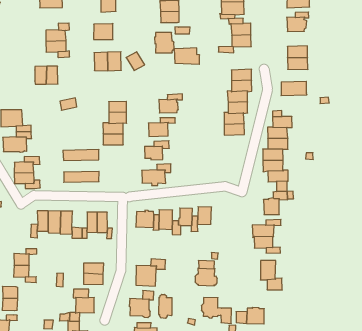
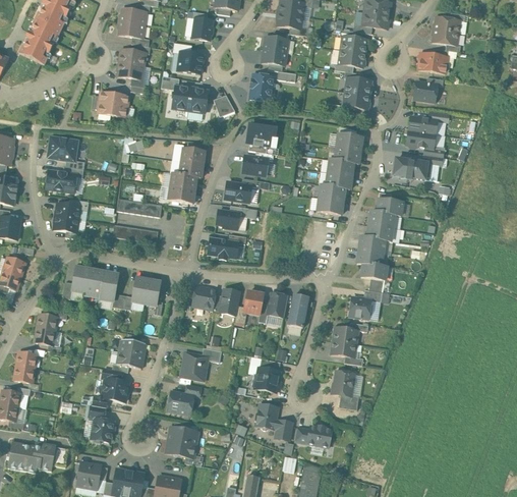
building: none -> [116,20,146,40]
building: [174,48,200,64] -> [246,124,278,148]
building: none -> [287,293,308,327]
building: [159,294,172,318] -> none

